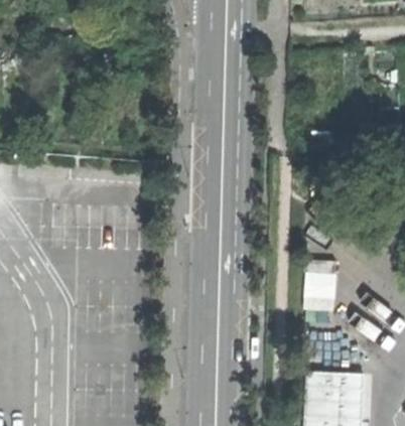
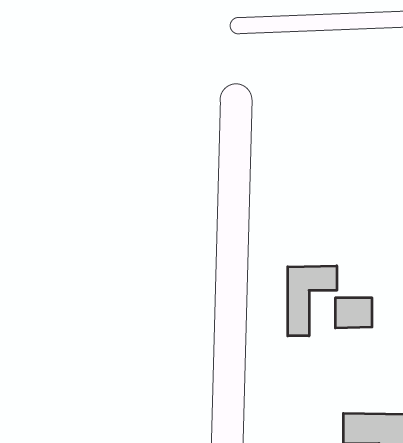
building: none -> [288,266,337,336]

